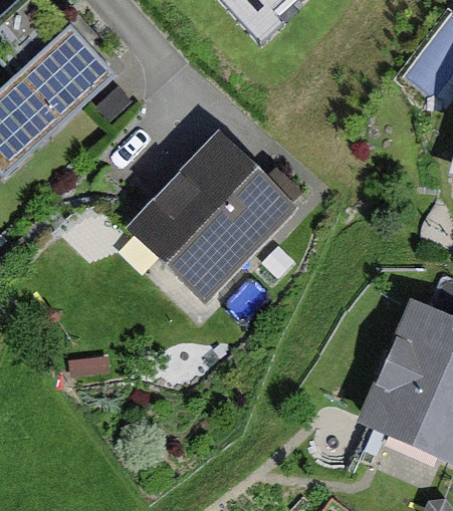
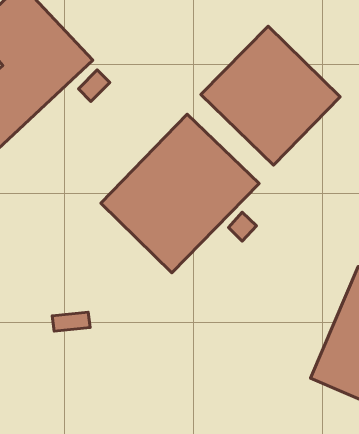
building: none -> [201,26,340,165]

